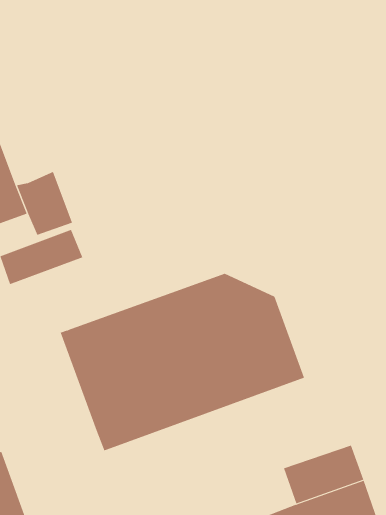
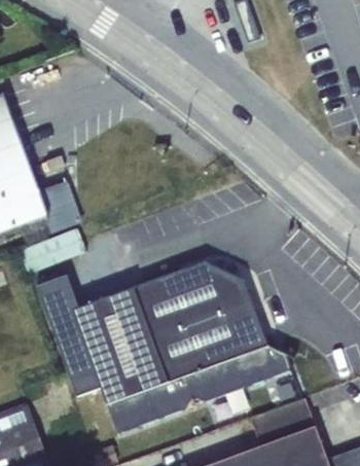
building: none -> [37,276,101,396]
building: none -> [107,346,291,433]

